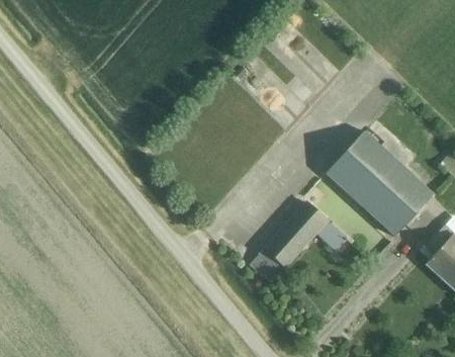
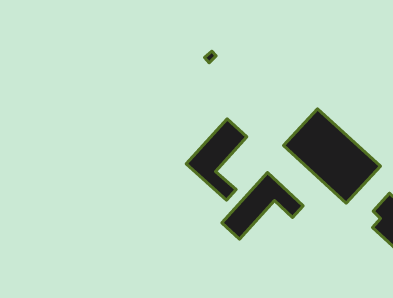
building: none -> [186,119,247,200]

